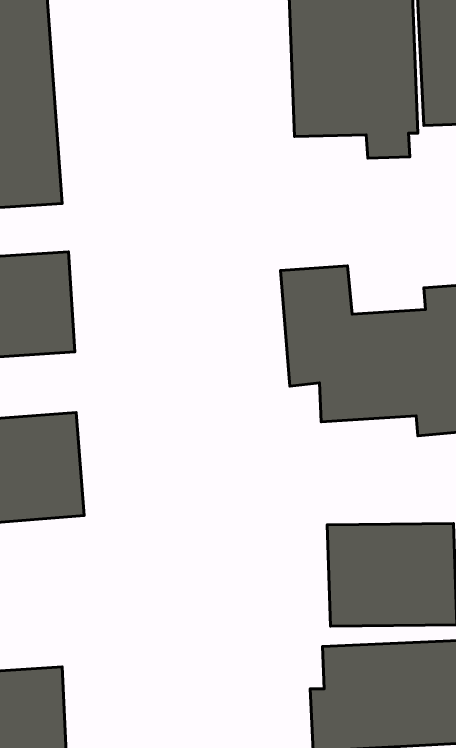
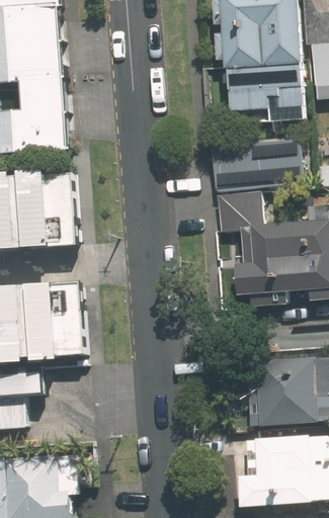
building: none -> [205,134,301,187]

